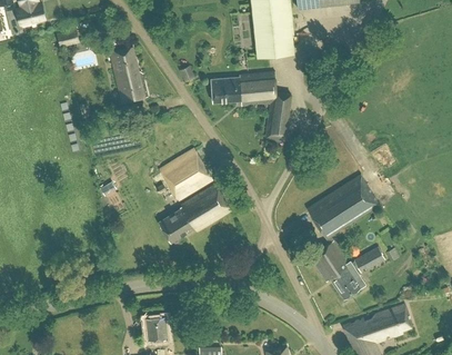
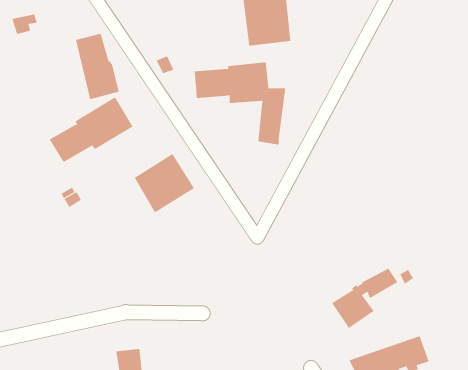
building: [307,175,379,239] -> none
building: [158,185,230,241] -> [49,97,134,163]
building: [310,243,346,282] -> none

